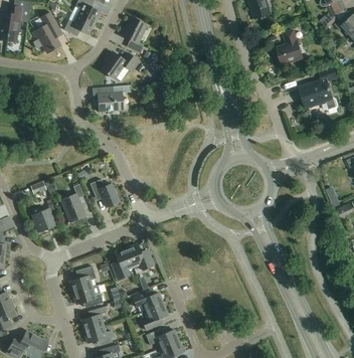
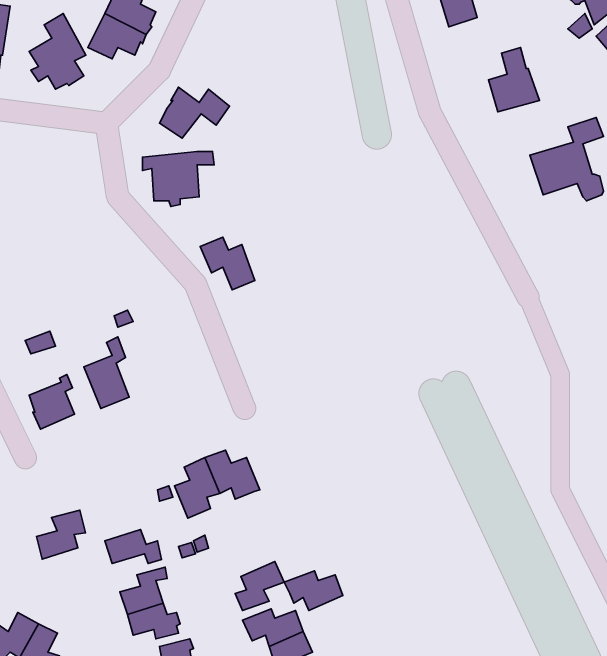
building: [121,16,147,53] -> none
building: [90,179,119,207] -> [200,237,255,290]
building: [69,266,96,293] -> [36,510,85,559]
building: [132,291,163,312] -> [284,571,343,611]

